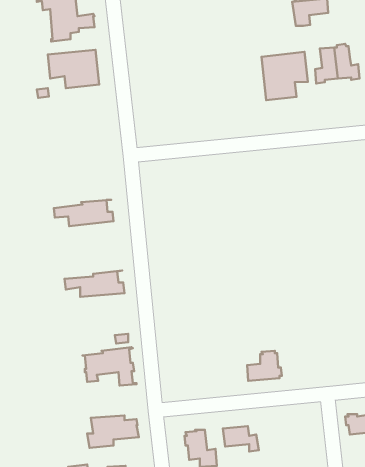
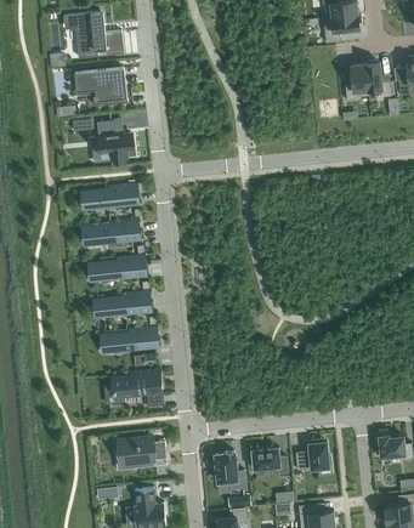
building: [261,52,308,100] -> none
building: none -> [96,120,131,159]
building: none -> [79,182,140,210]
building: none -> [86,254,147,282]
building: none -> [98,325,159,353]
building: [247,351,282,381] -> [295,439,330,470]

